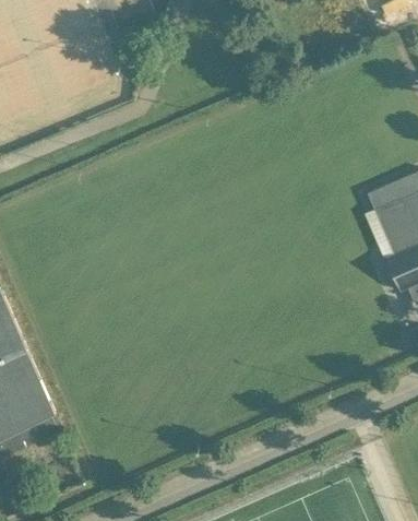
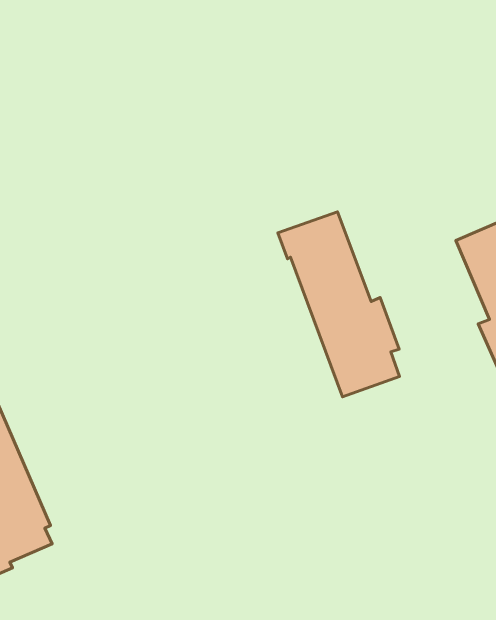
building: none -> [278,212,400,397]

